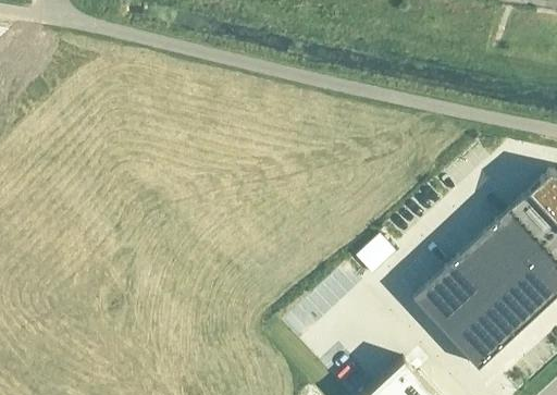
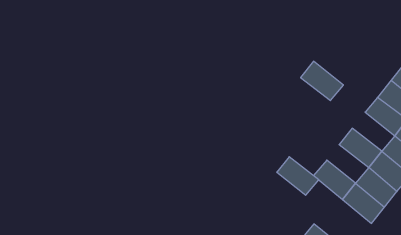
building: [470,229,523,282] -> [301,61,343,101]
building: [432,266,484,318] -> [277,157,319,195]

